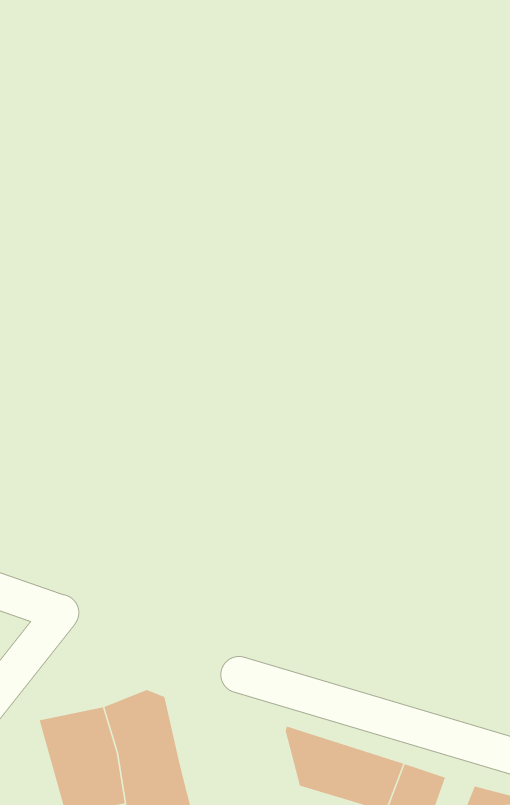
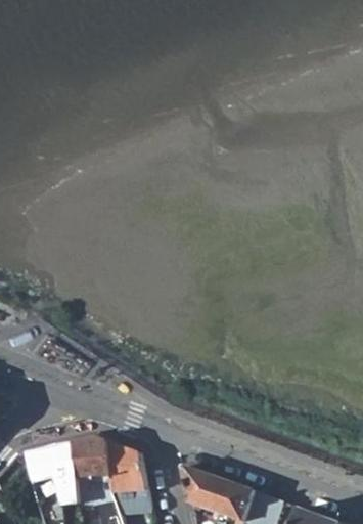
building: none -> [109,442,149,505]

